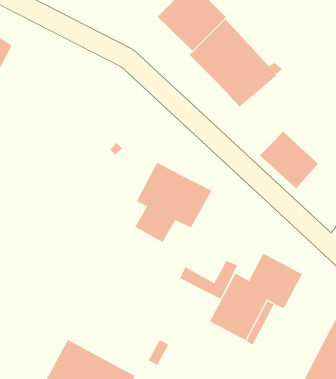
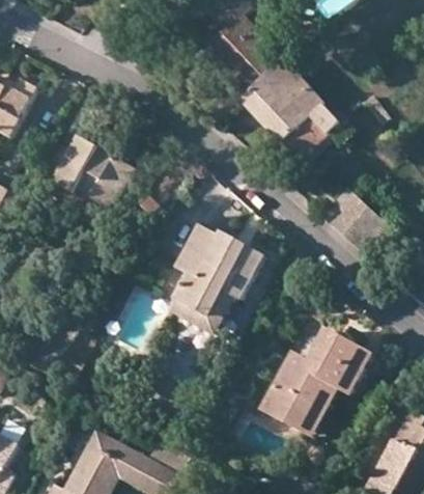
building: none -> [53,137,133,209]
building: [179,260,238,299] -> [167,291,235,336]

